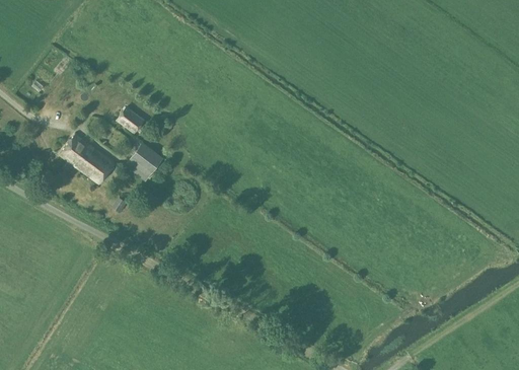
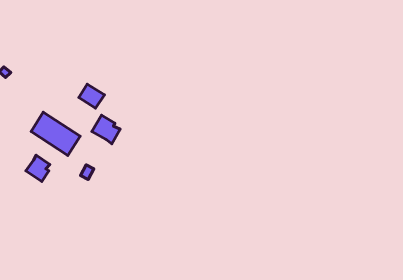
building: none -> [26,155,50,181]

